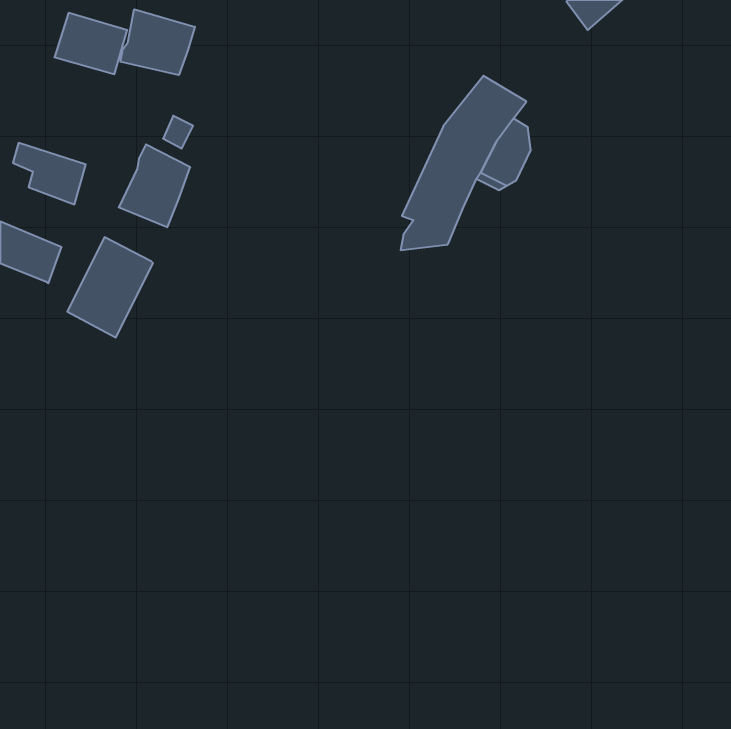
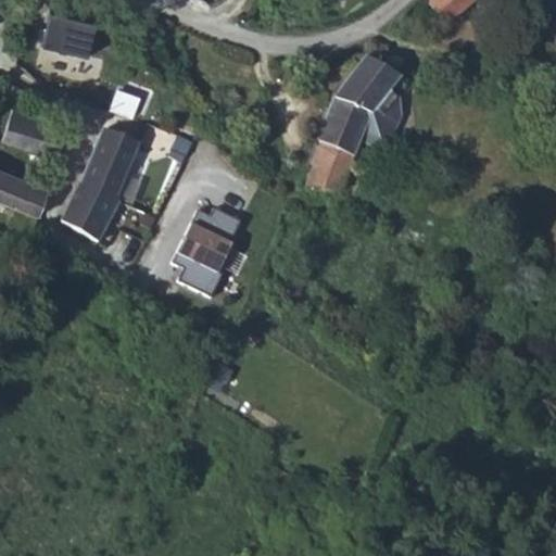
building: [120,9,195,75] -> none
building: none -> [79,159,127,200]
building: none -> [169,208,241,299]

